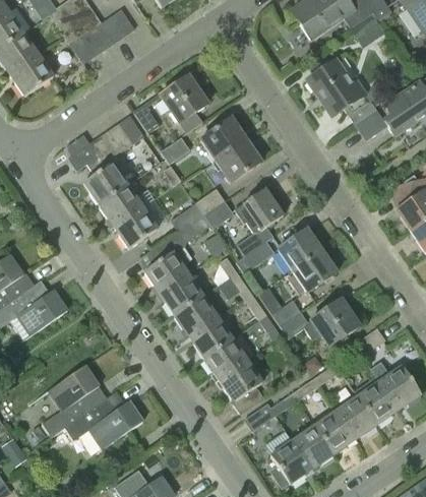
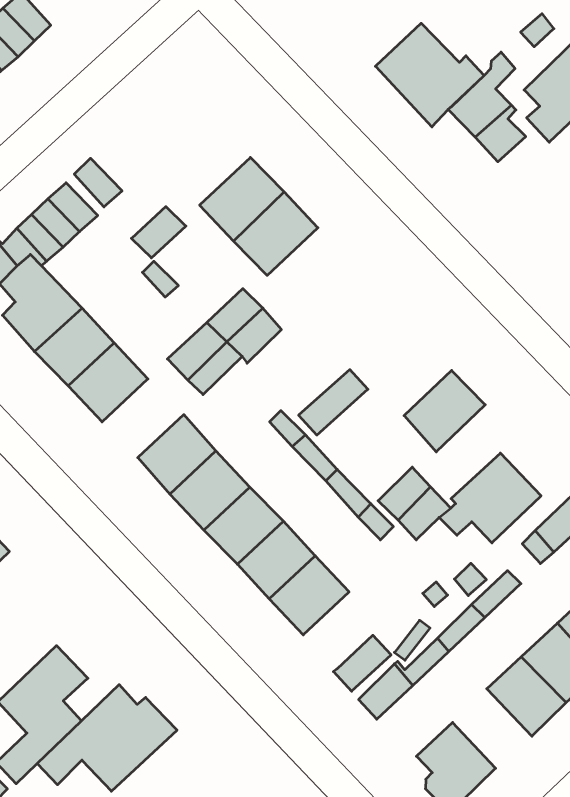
building: [160,75,207,123] -> none
building: [234,188,283,233] -> none
building: [277,228,321,270] -> none
building: [219,361,262,401] -> none
building: [292,425,333,469] -> none

